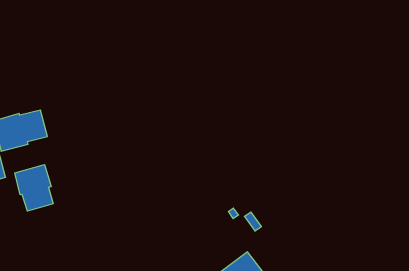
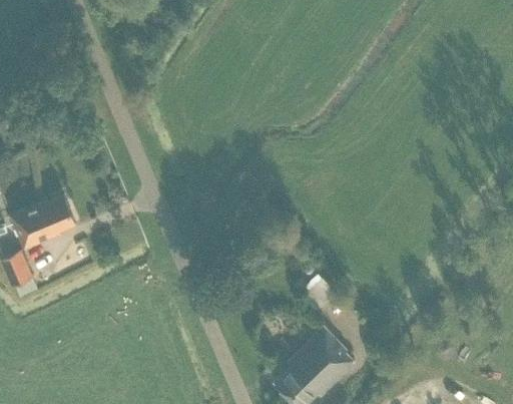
building: [15,165,53,211] -> none

